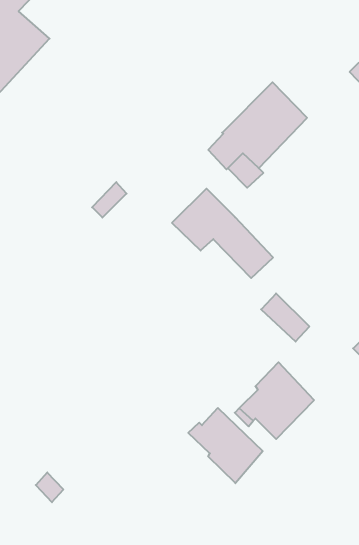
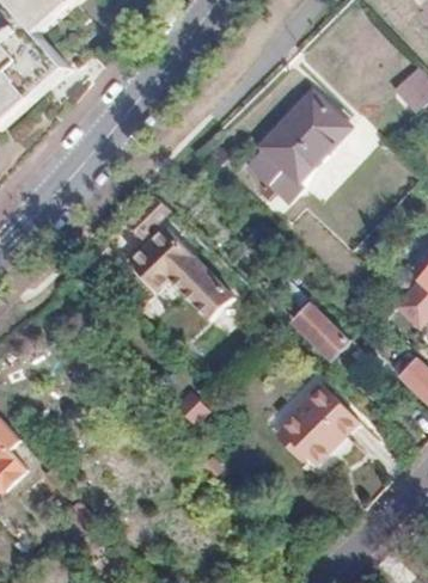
building: [172,189,273,278] -> [129,234,234,327]
building: [188,408,263,483] -> none

